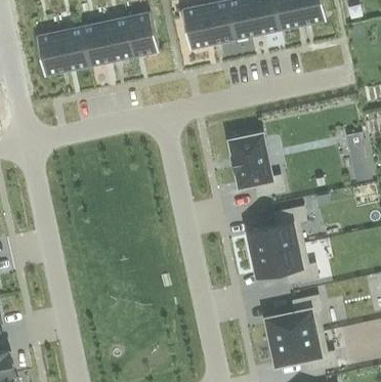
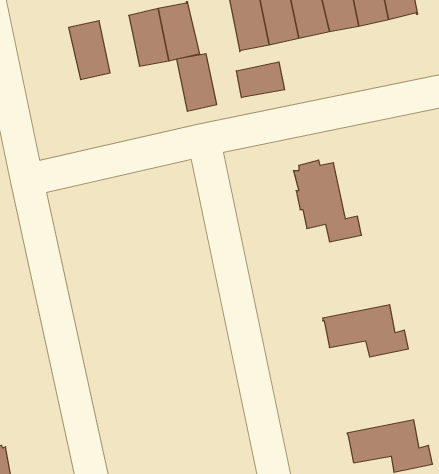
building: [82,22,113,66] -> [177,54,217,111]
building: [36,31,68,76] -> none
building: none -> [236,62,285,98]
building: [249,206,306,253] -> none
building: [267,295,323,341] -> none

